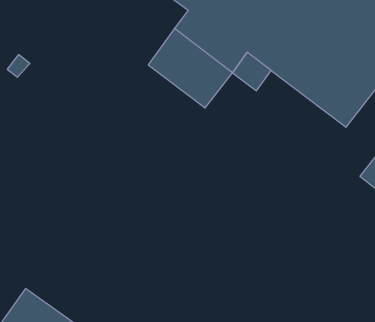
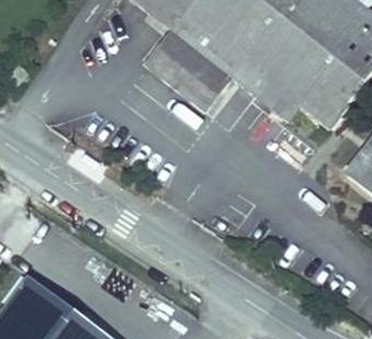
building: none -> [249,74,296,118]

